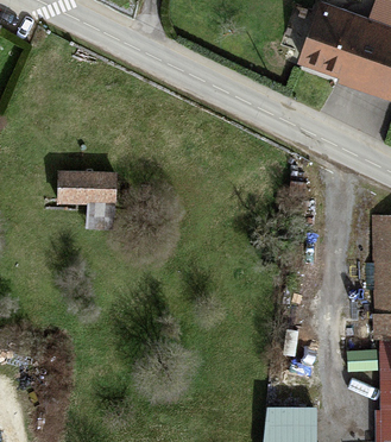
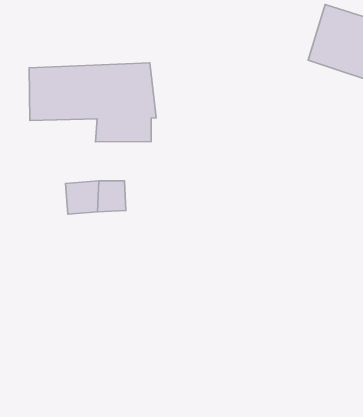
building: none -> [29,63,156,142]

